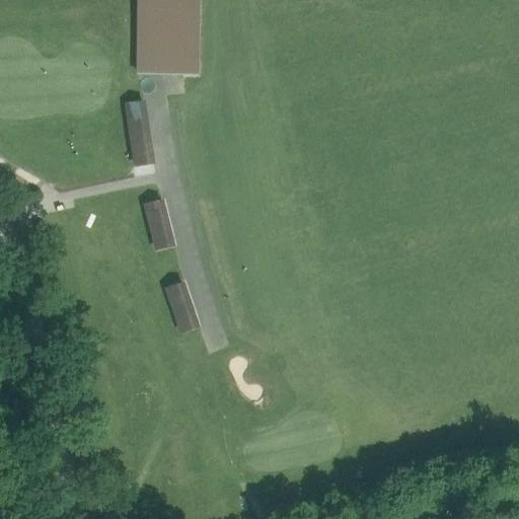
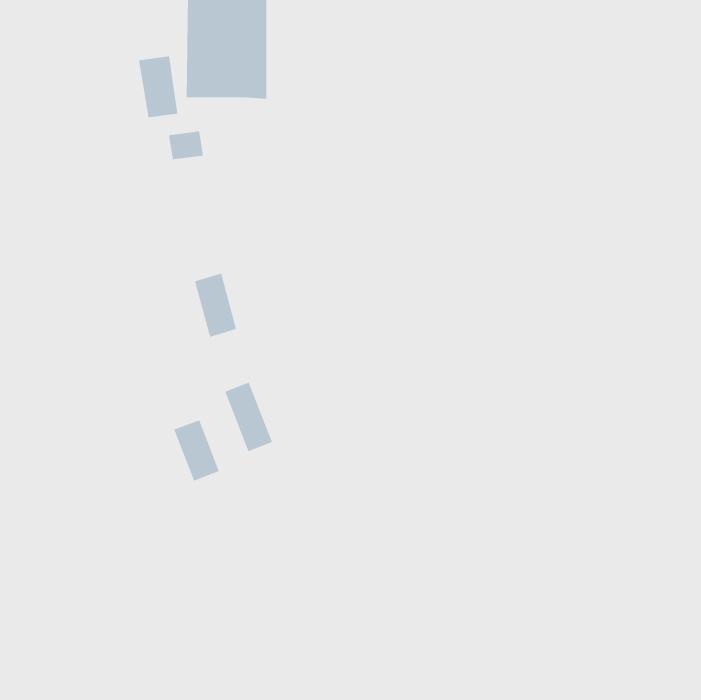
building: [127,115,156,160] -> [138,56,178,118]
building: none -> [174,419,220,481]

